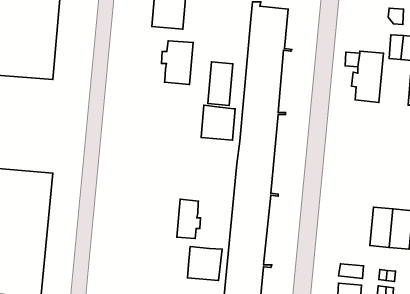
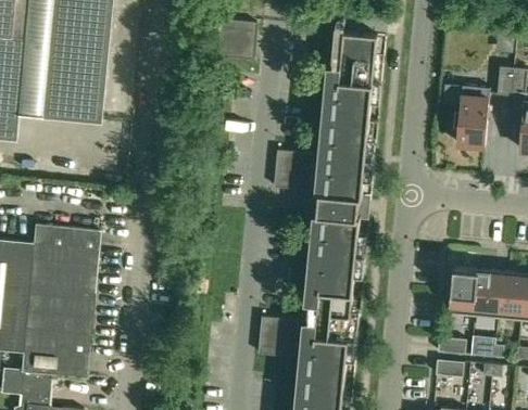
building: [162,41,193,85] -> none
building: [208,62,233,106] -> none
building: [177,199,200,238] -> none
building: none -> [449,269,477,317]

